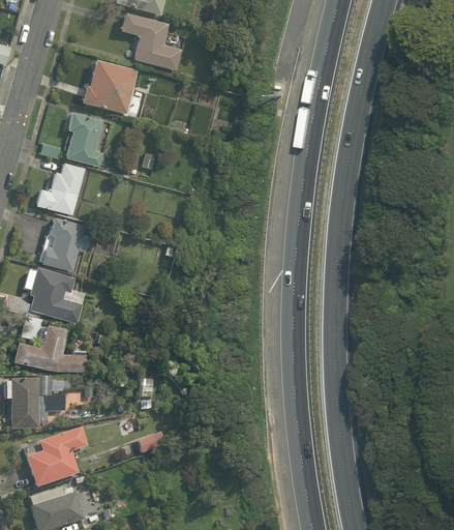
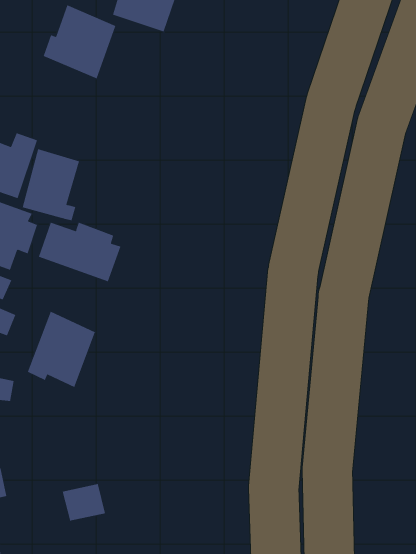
building: [63,111,105,165] -> [22,149,80,221]
building: none -> [38,222,121,282]
building: none -> [27,311,95,388]

